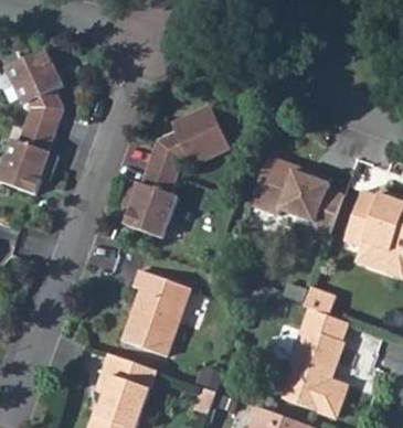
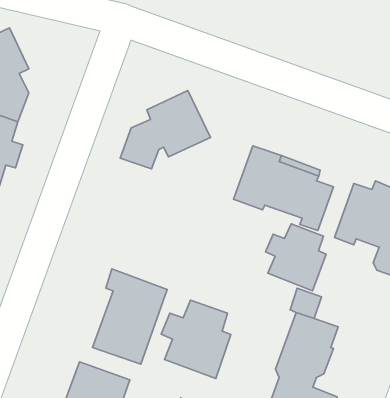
building: [124,167,177,237] -> none
building: none -> [265,224,326,291]
building: none -> [161,300,231,378]

